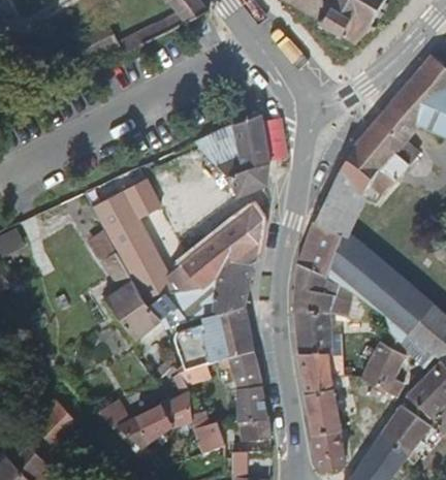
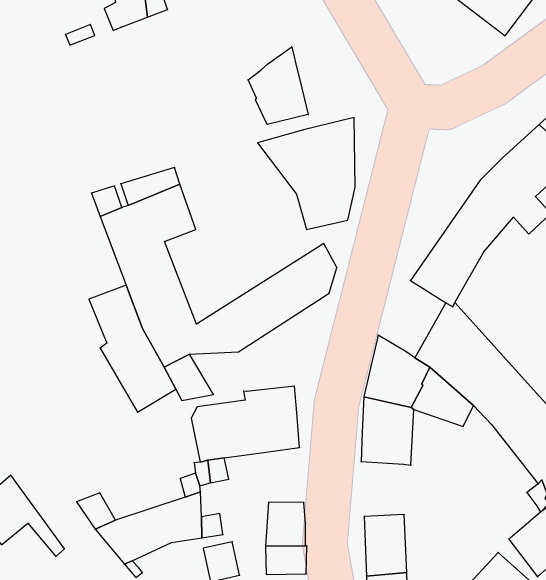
building: none -> [248,47,308,124]
building: [298,223,343,277] -> none
building: [212,239,260,316] -> none
building: [361,342,407,396] -> none
building: [221,350,262,391] -> none
building: [298,352,333,392] -> none

